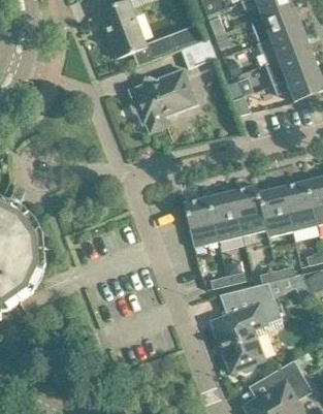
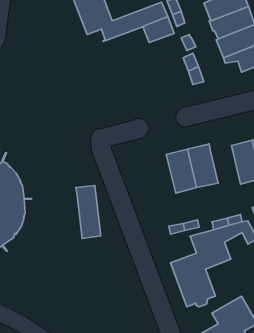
building: [129,68,197,132] -> none
building: [258,186,293,236] -> none
building: [184,196,219,247] -> none
building: none -> [76,186,101,239]

